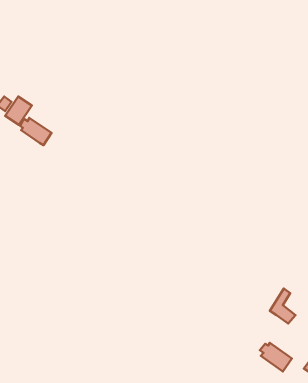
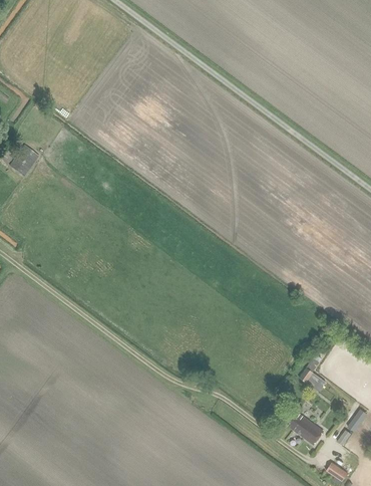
building: [20,118,52,145] -> none

